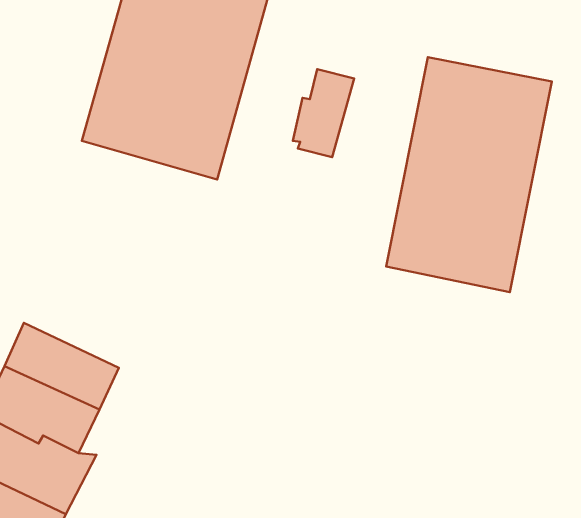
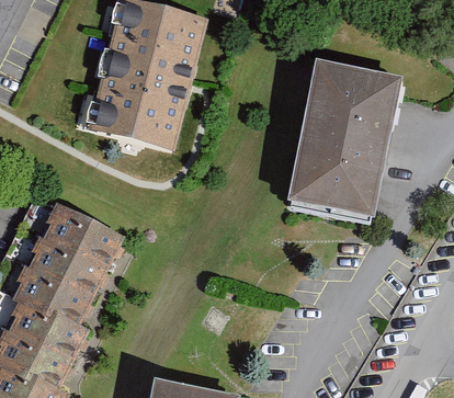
building: [293,69,354,157] -> none
building: none -> [39,208,122,274]

